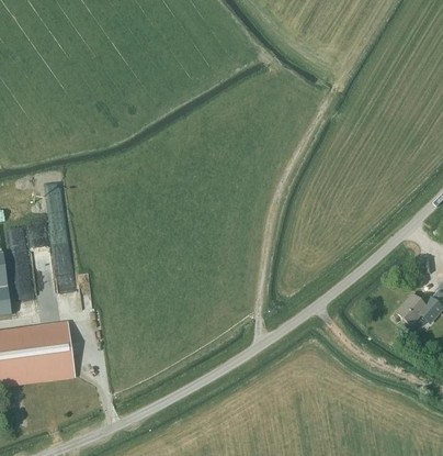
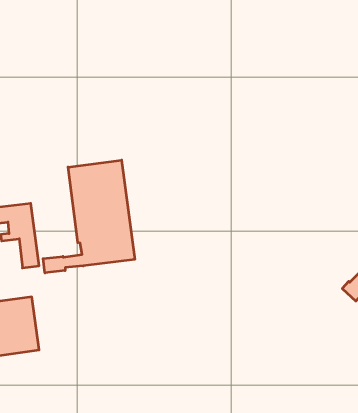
building: none -> [43,160,135,273]

